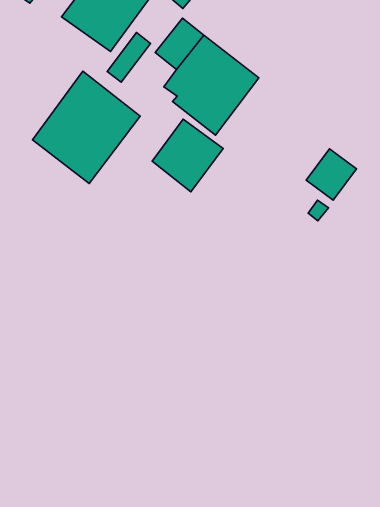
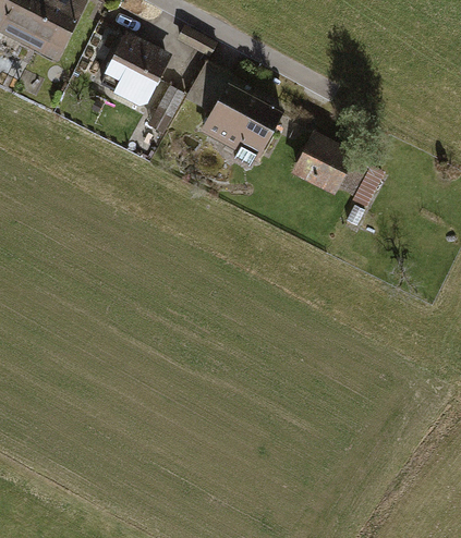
building: [33,71,140,183] -> none
building: [152,119,223,192] -> [292,131,354,195]

